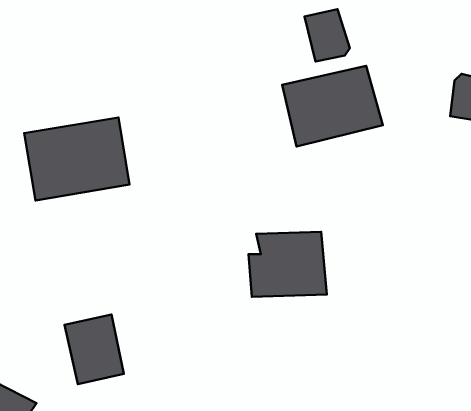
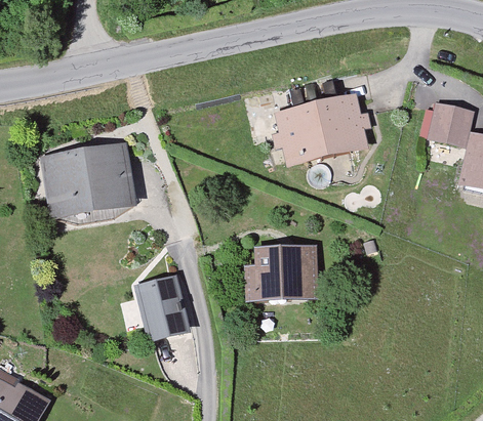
building: [305,9,350,61] -> none
building: [64,315,124,384] -> [131,261,186,325]

